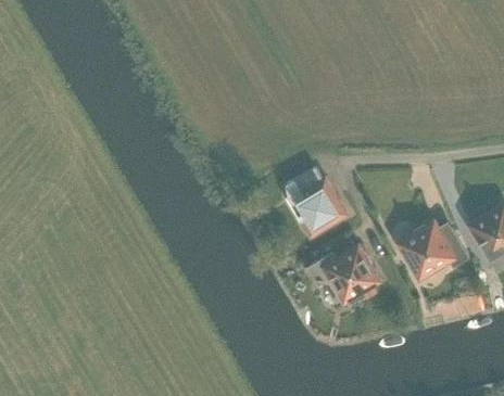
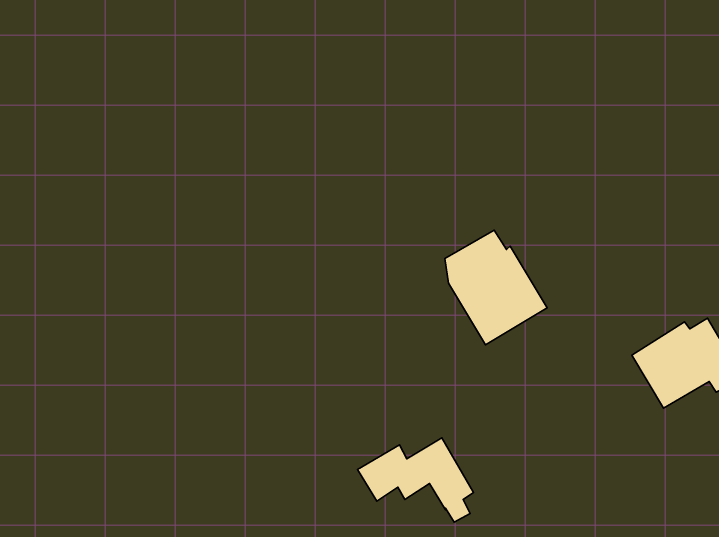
building: [305,247,377,299] -> [357,438,474,522]

